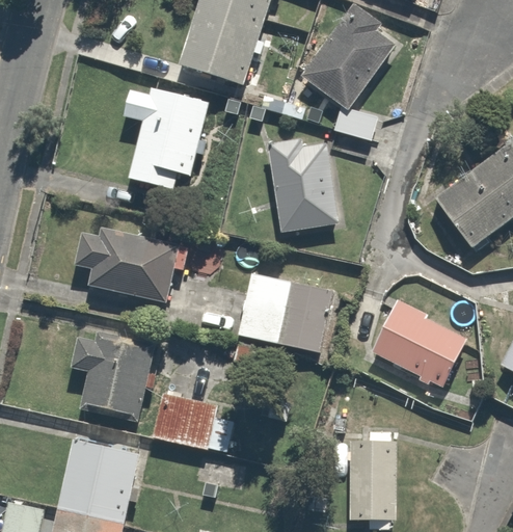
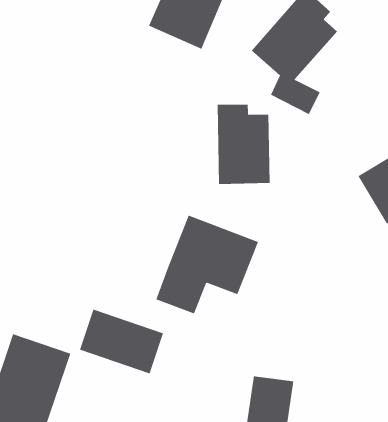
building: [124,87,207,191] -> none
building: [75,222,179,301] -> none
building: [372,300,464,385] -> none
building: [69,335,153,422] -> none

